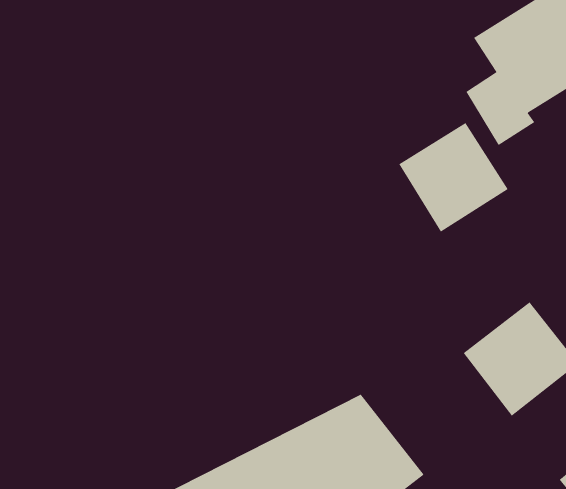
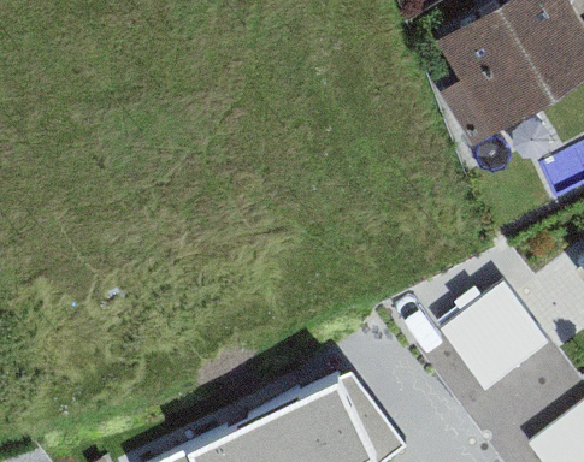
building: [398,122,509,232] -> none

